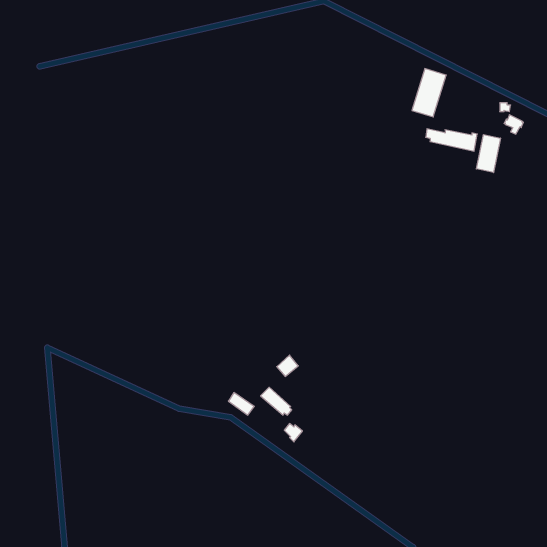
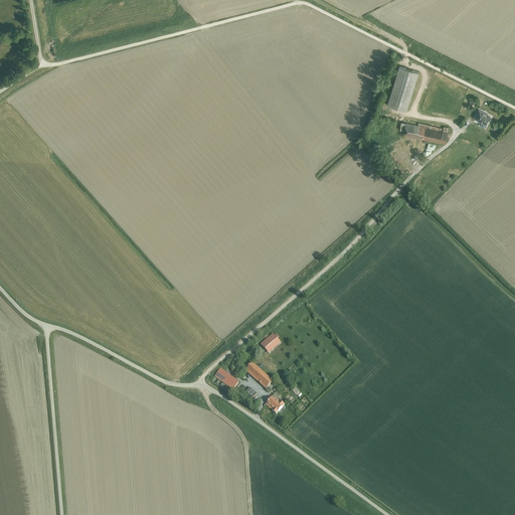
building: [476,135,500,173] -> none

